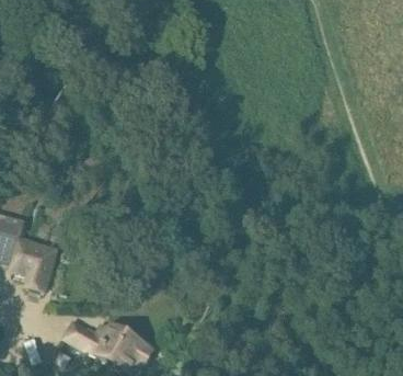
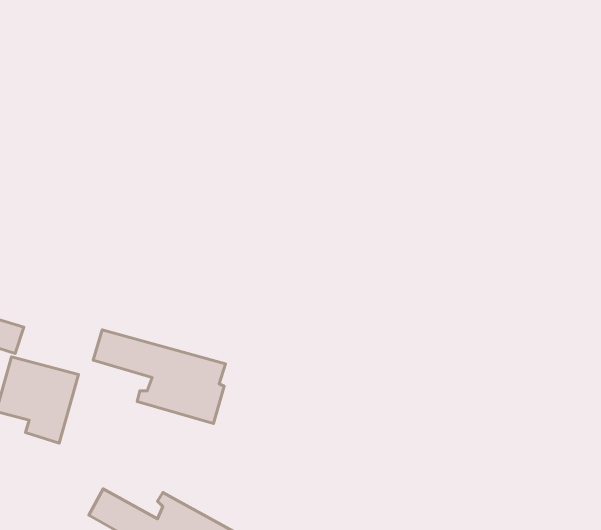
building: none -> [93,330,226,423]

